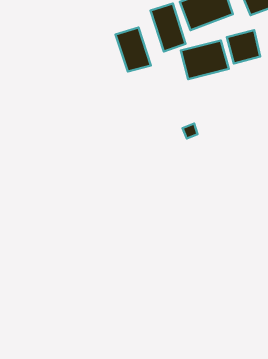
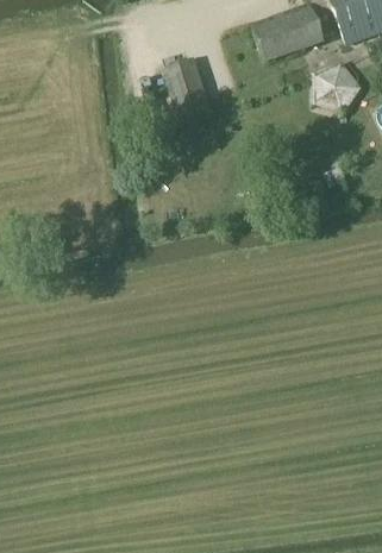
building: [151,4,186,51] -> none
building: [181,40,229,79] -> none

